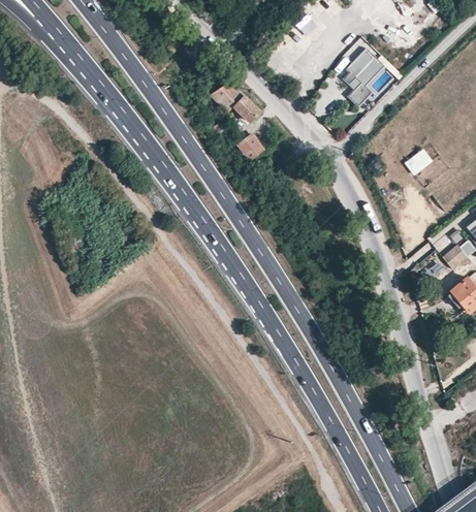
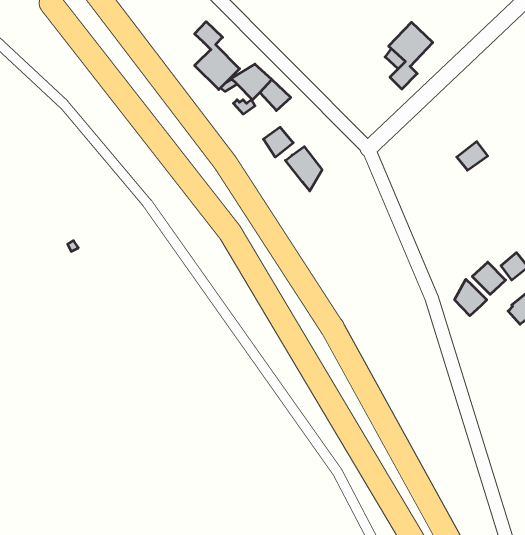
building: none -> [195,22,240,90]
building: none -> [285,147,322,191]
building: none -> [455,279,487,316]

